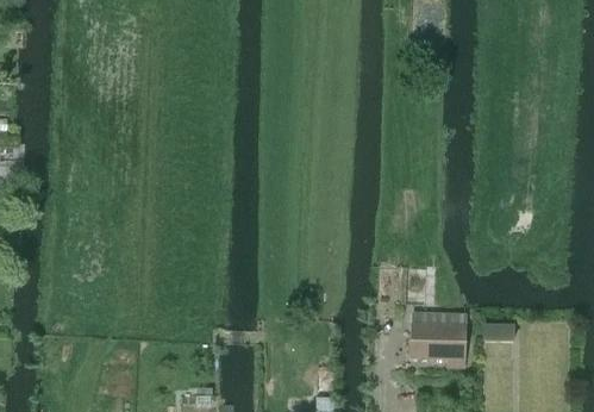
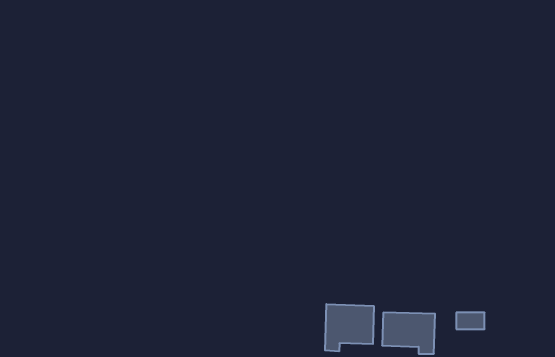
building: none -> [325,304,374,351]

